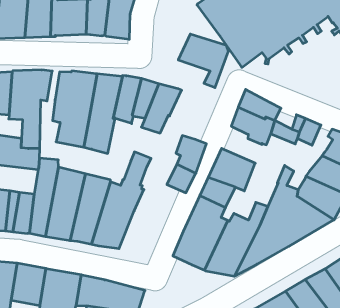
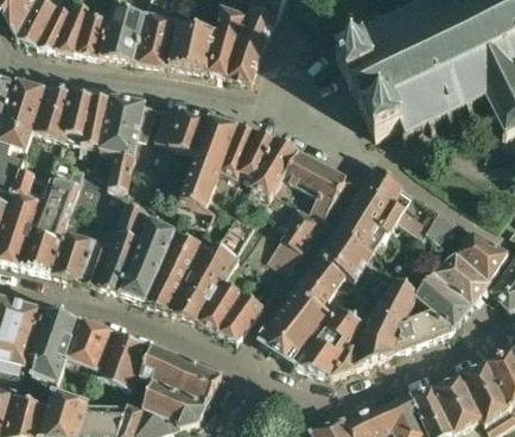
building: [178,34,228,88] -> [284,152,343,218]
building: none -> [337,203,384,251]
building: none -> [199,281,262,338]

